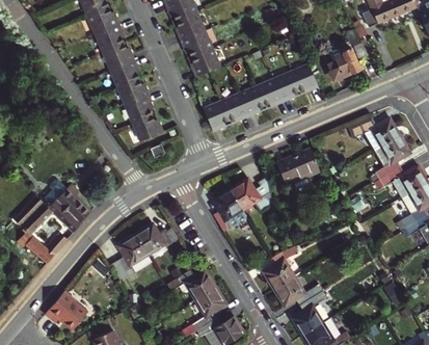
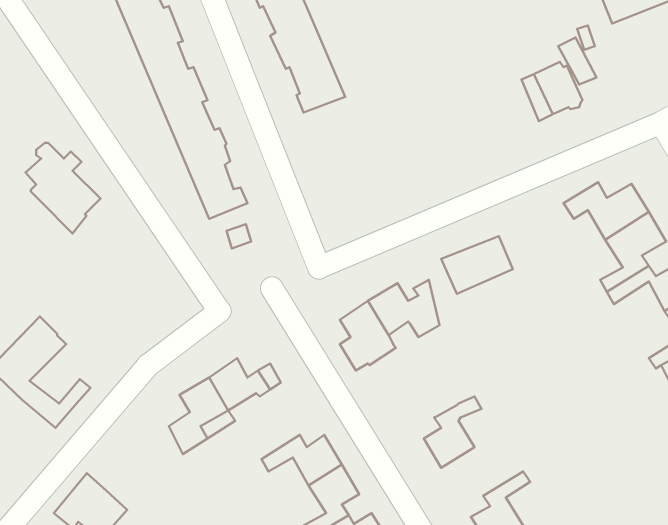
building: [202,63,318,134] -> none
building: [44,180,88,234] -> [26,143,101,233]
building: [275,275,324,306] -> none

